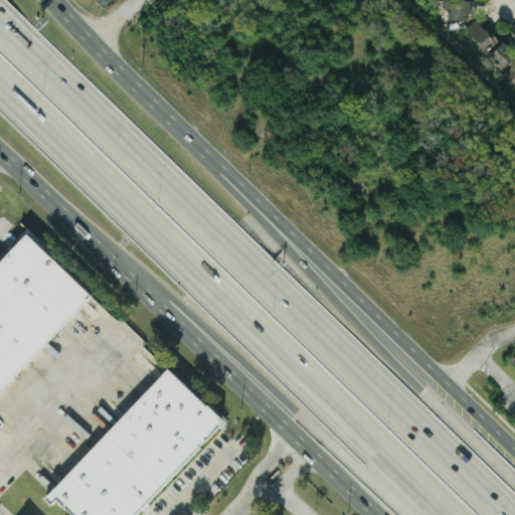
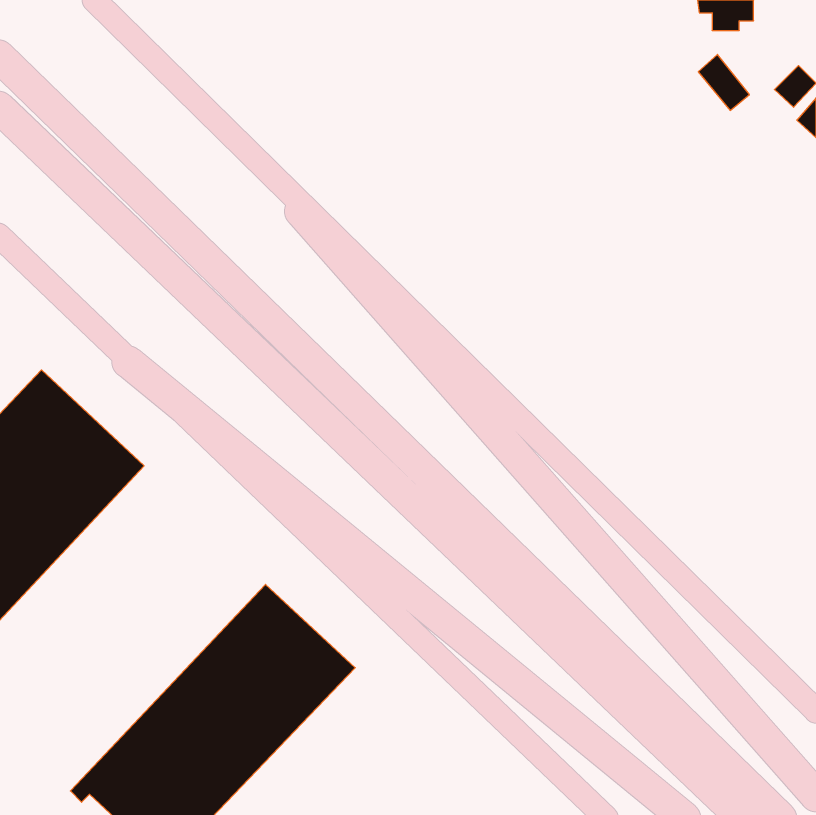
building: [464,18,496,53] -> [698,54,749,110]

